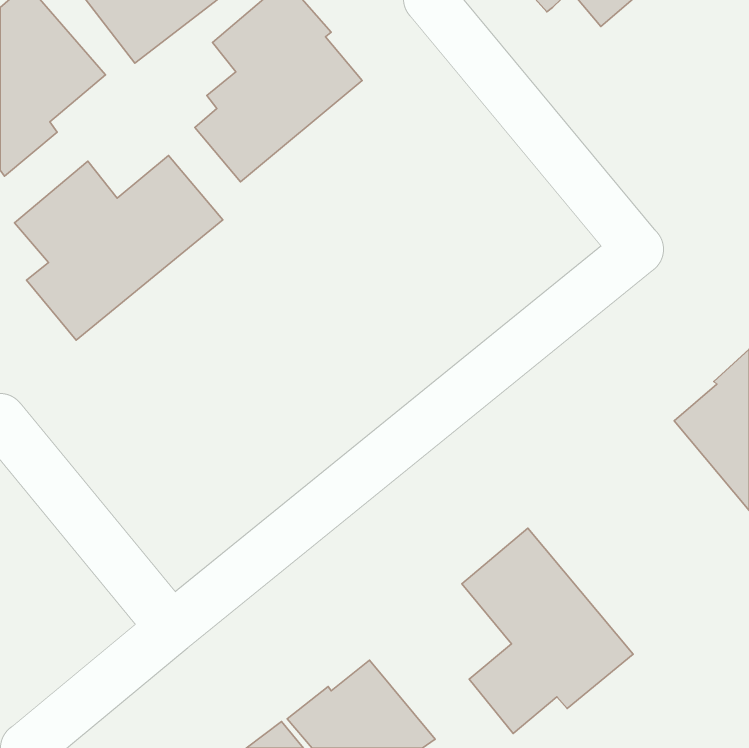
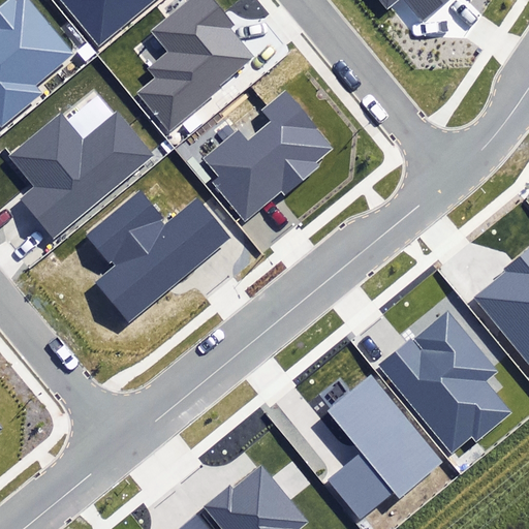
building: none -> [203,90,333,221]
building: none -> [82,187,226,318]
building: none -> [381,312,512,454]

